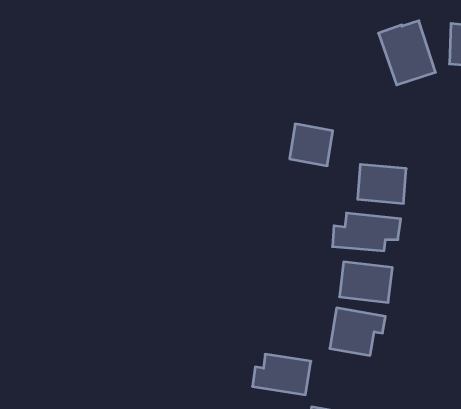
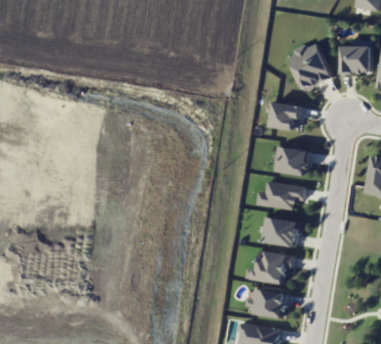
building: [290,124,333,166] -> [271,101,303,131]
building: [252,354,311,395] -> [246,288,289,317]

